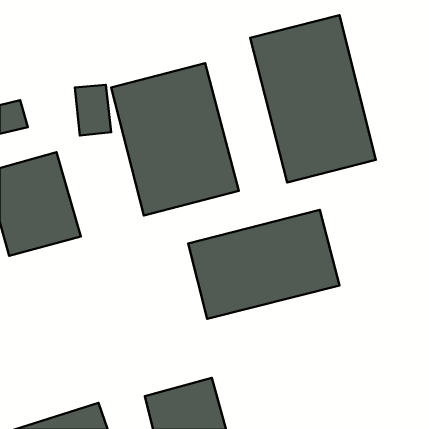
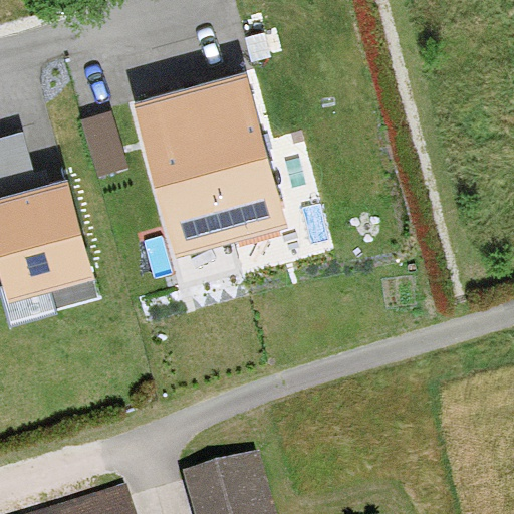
building: [250,15,376,182] -> none
building: [188,210,339,319] -> none

